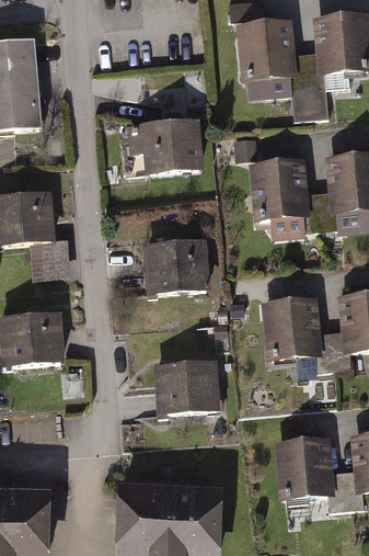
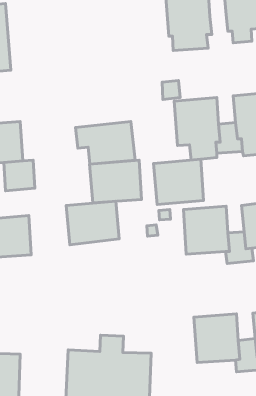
building: [290,53,326,120] -> none
building: [125,120,201,174] -> [75,122,135,164]
building: none -> [154,159,203,205]
building: [151,360,219,416] -> [66,201,119,245]

